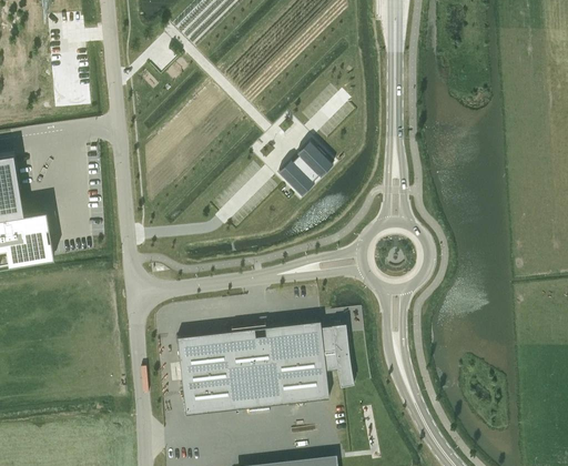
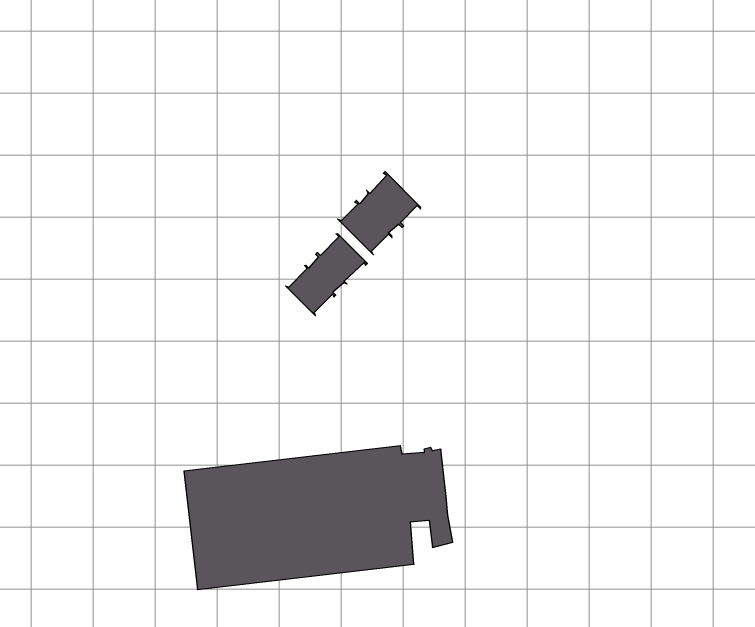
building: none -> [286,234,367,316]

